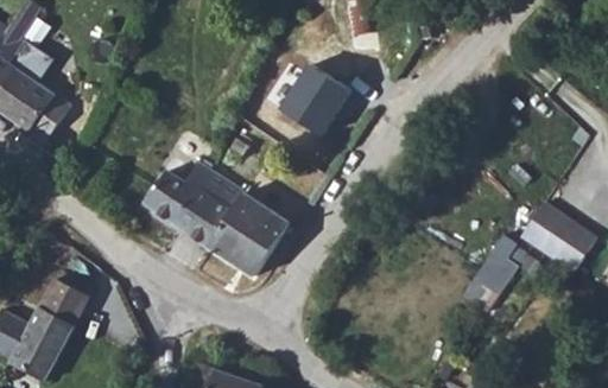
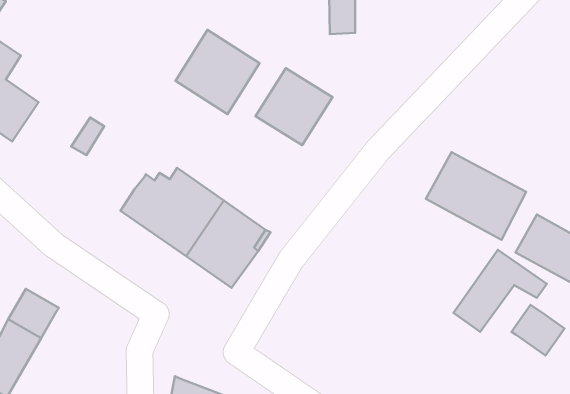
building: none -> [175,30,260,114]
building: none -> [426,152,526,240]
building: none -> [512,305,564,355]

